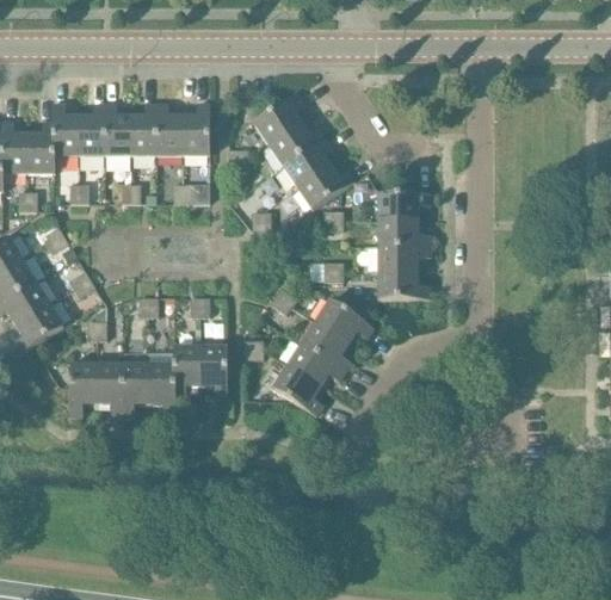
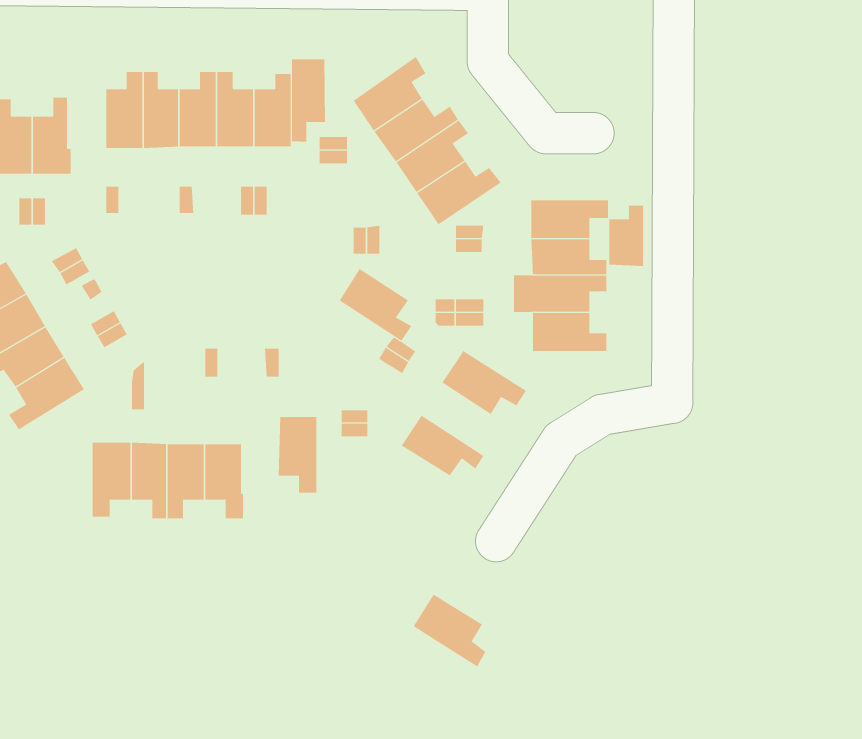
building: none -> [291,59,326,143]
building: [51,103,79,156] -> none
building: none -> [609,205,643,267]
building: [300,320,351,371] -> [339,268,412,342]
building: [173,344,200,397] -> none
building: [271,364,322,415] -> [413,594,486,667]

